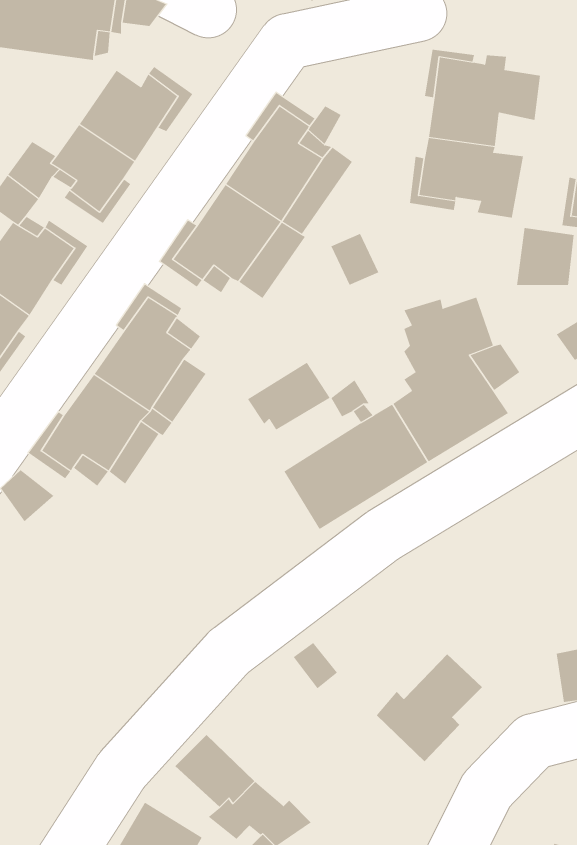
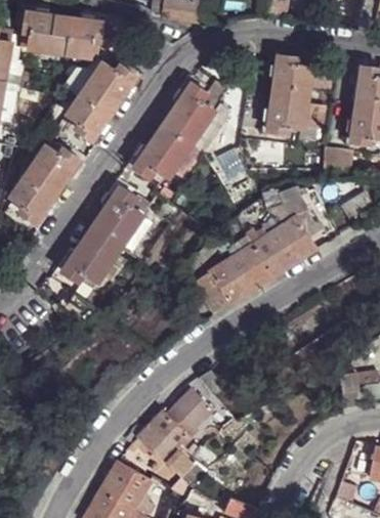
building: [247,362,330,430] -> none
building: [376,653,483,762] -> [151,391,209,450]

